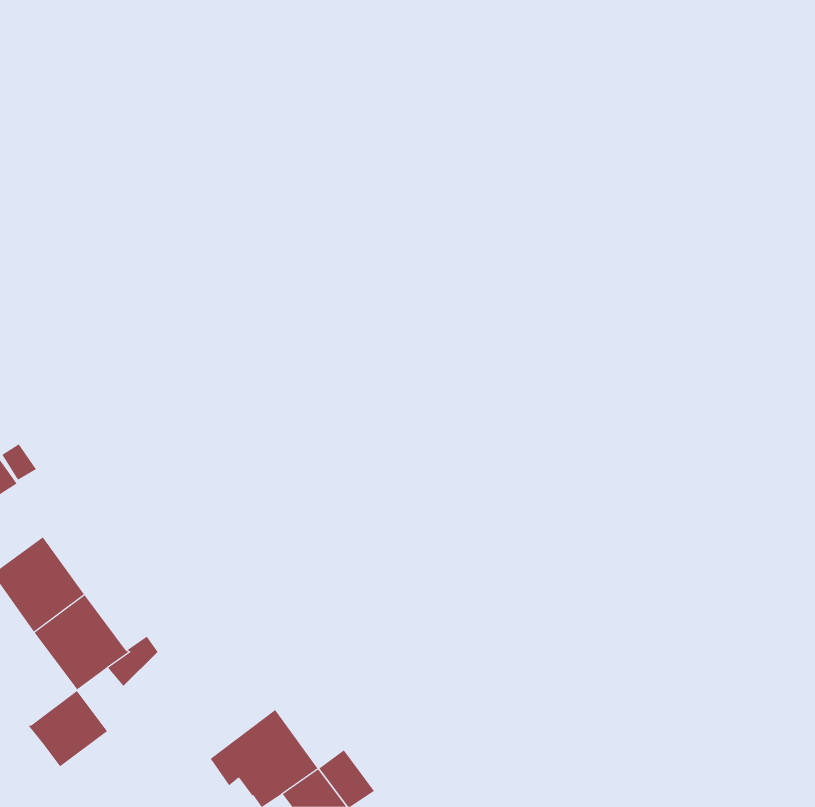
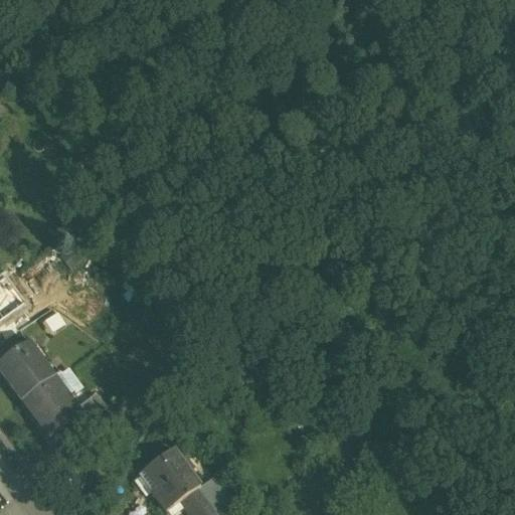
building: [28,690,108,767] -> none

